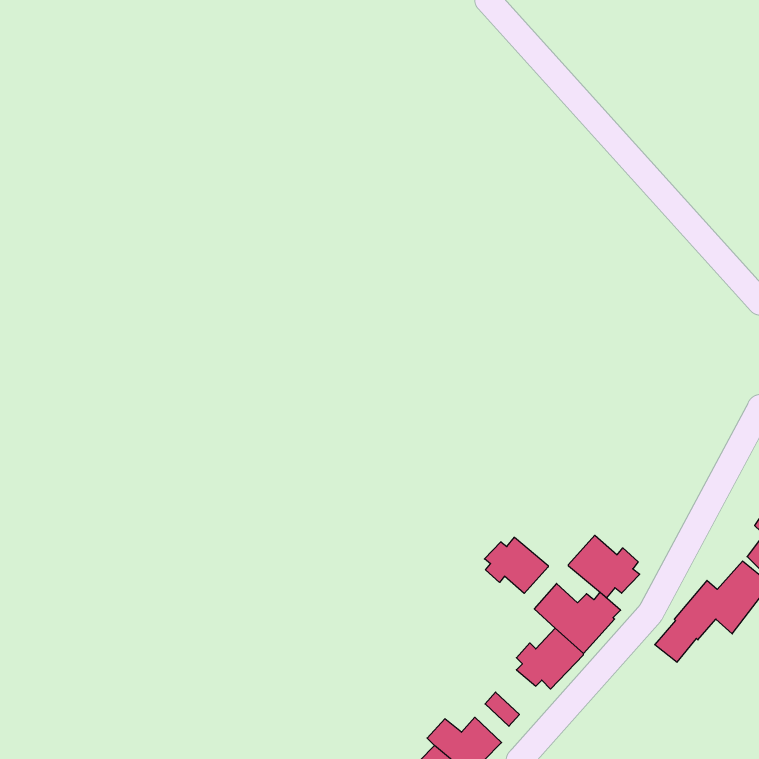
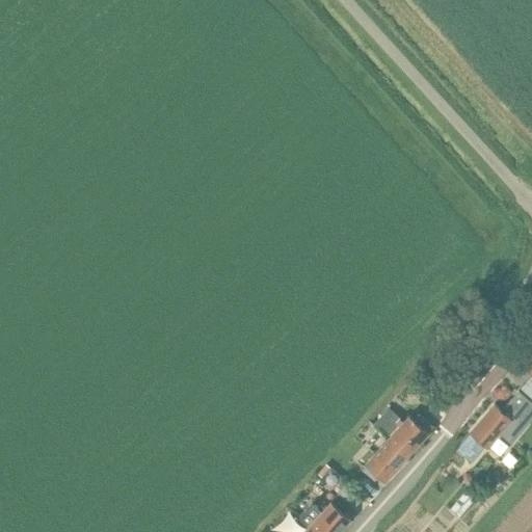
building: [568,535,640,598] -> none
building: [484,537,548,593] -> none

